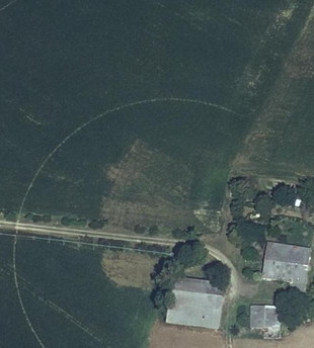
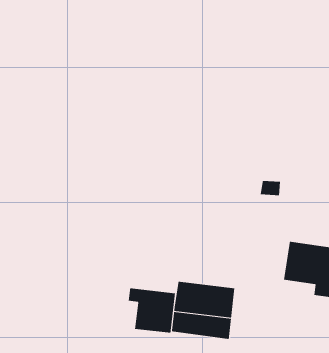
building: none -> [128,287,176,334]
building: [250,304,280,326] -> none

